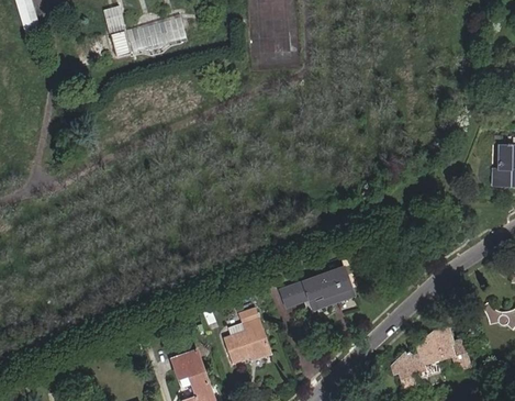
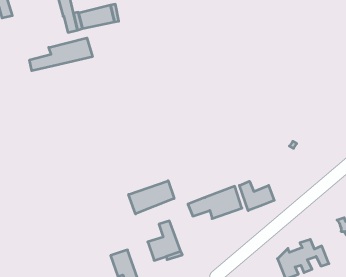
building: none -> [30,38,92,71]
building: none -> [129,181,174,214]
building: none -> [239,181,274,211]

